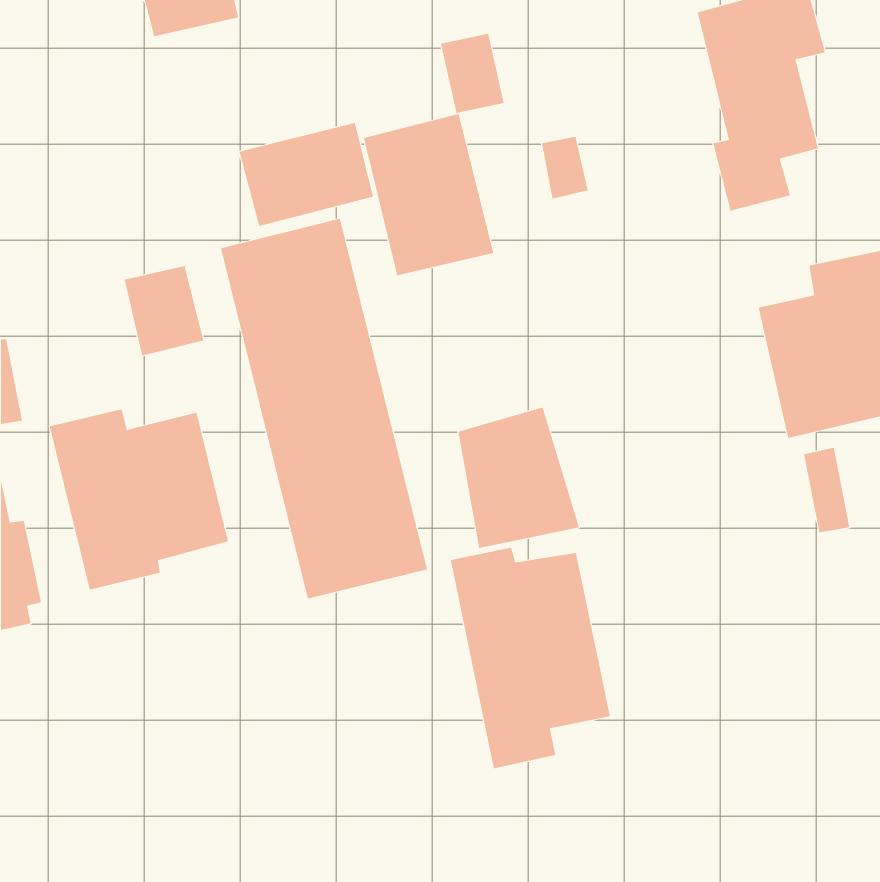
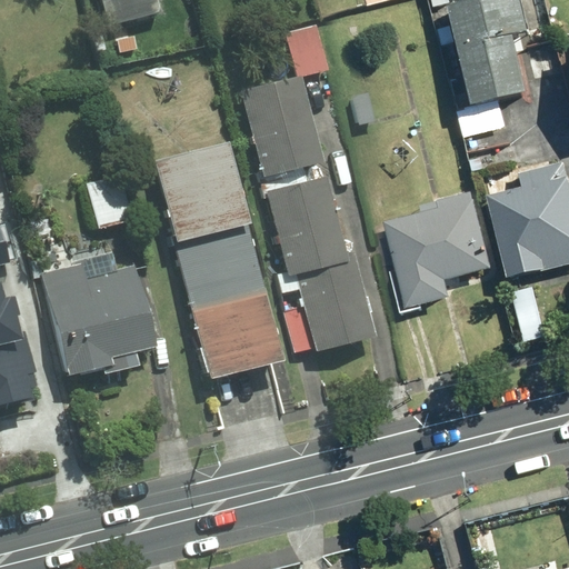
building: [239,122,374,227] -> none
building: none -> [264,174,343,274]
building: none -> [388,190,498,307]
building: [450,547,610,769] -> none

